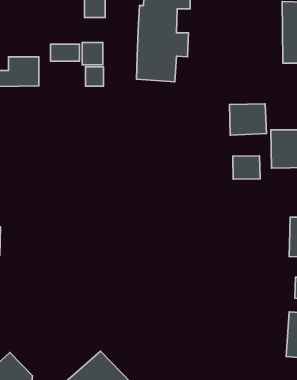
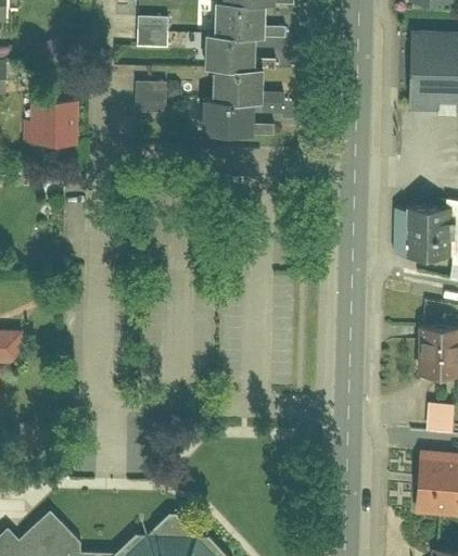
building: [50,44,80,61] -> none
building: [86,67,104,86] -> none
building: [230,104,267,135] -> none
building: [233,156,260,179] -> none

